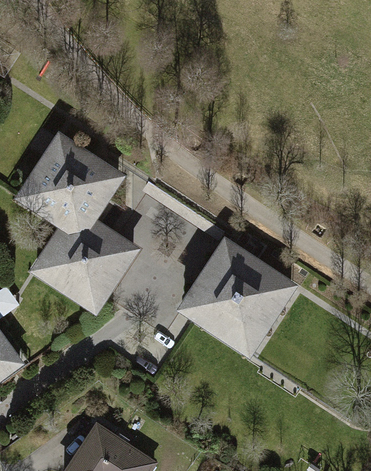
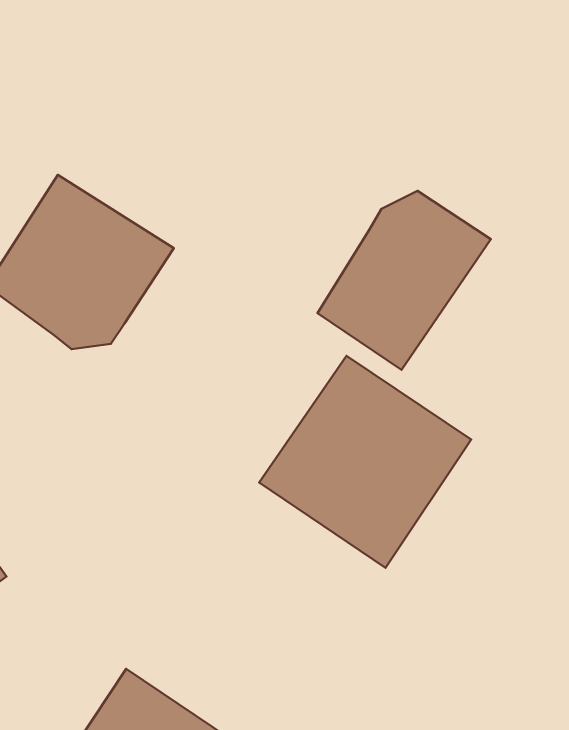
building: none -> [317,191,491,370]
building: [27,218,141,317] -> none

